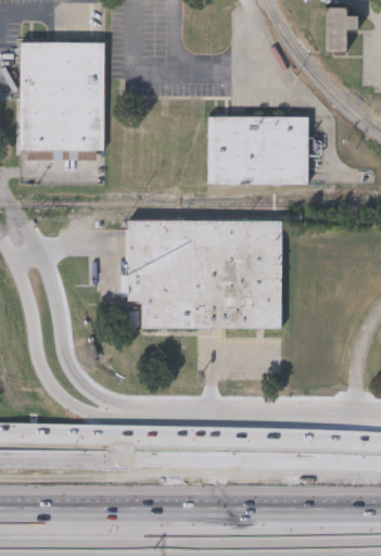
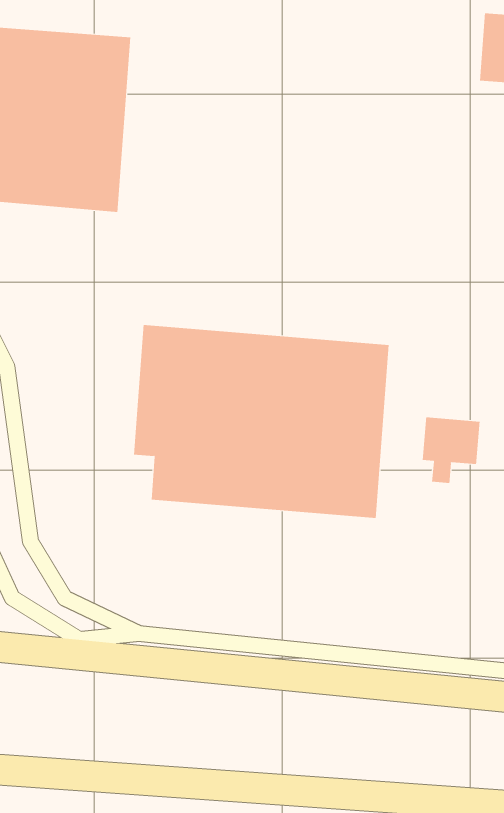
building: [209,115,309,185] -> none
building: none -> [422,417,480,484]

